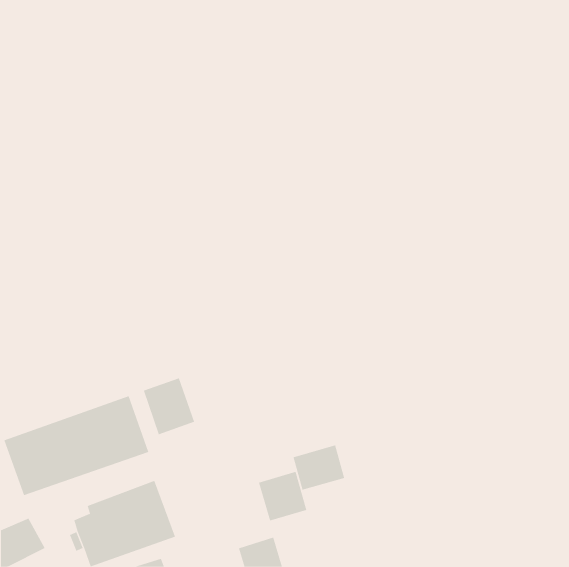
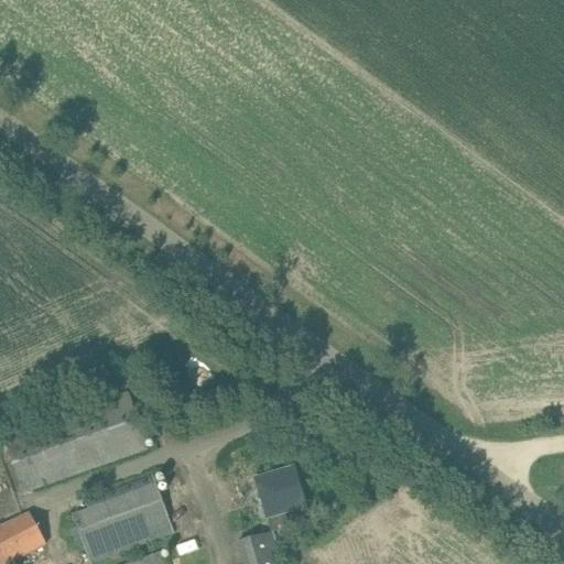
building: [143,377,195,435] -> none
building: [293,445,345,491] -> none

